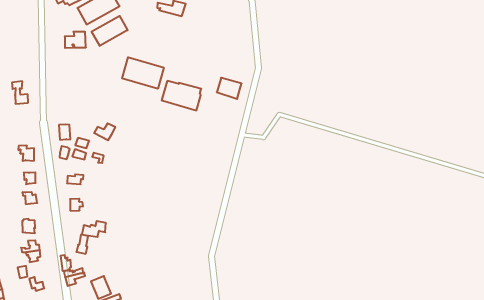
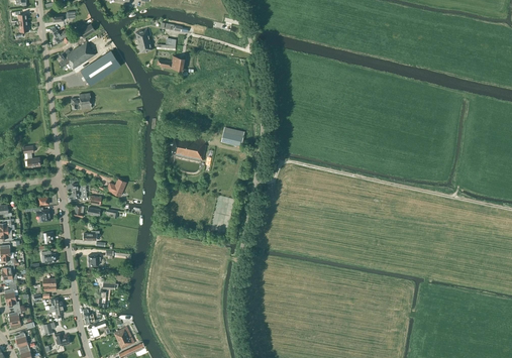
building: [92,16,128,46] -> none
building: [122,57,164,89] -> none

